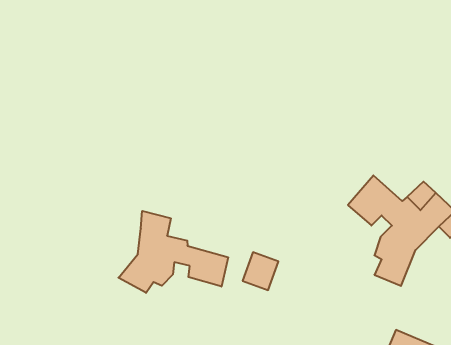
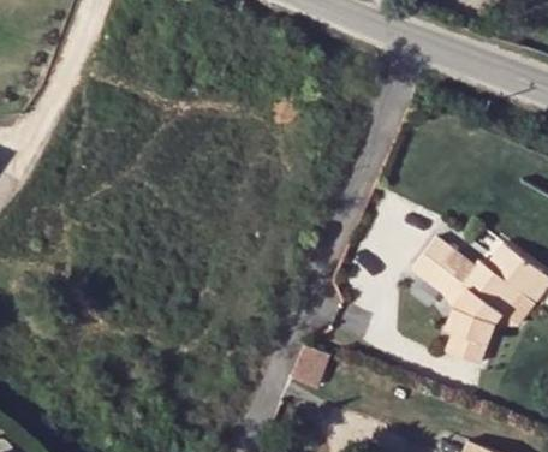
building: [118,211,228,293] -> none

